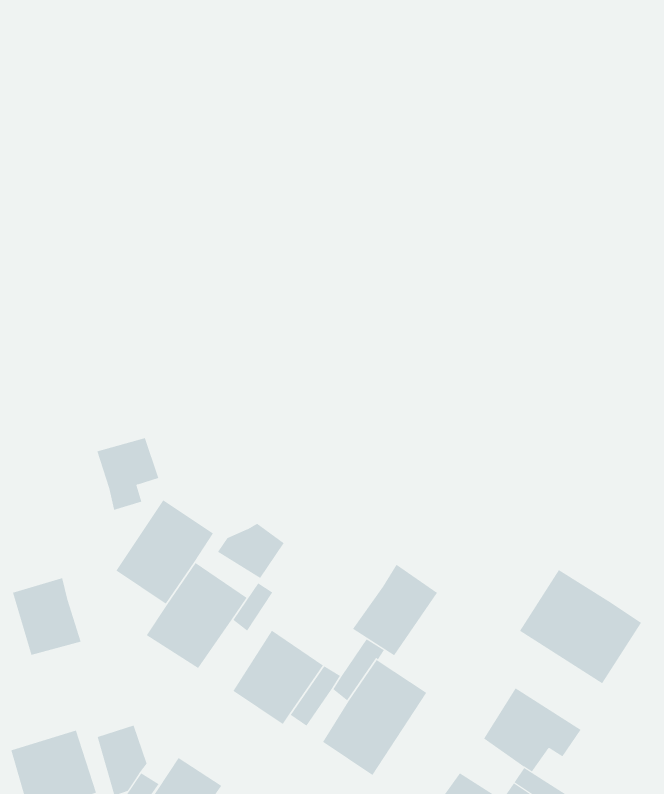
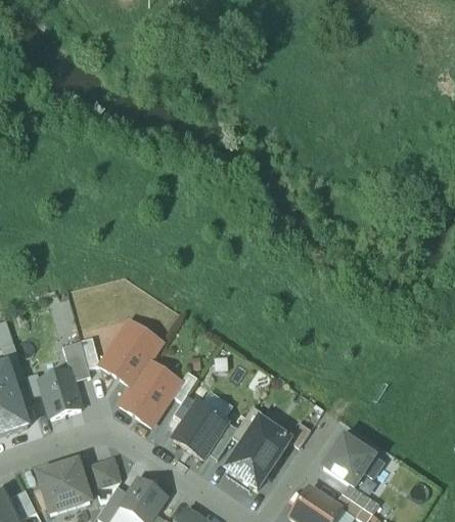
building: [97,438,159,510] -> [62,338,100,382]
building: [217,523,285,579] -> none
building: [352,564,438,656] -> none
building: [519,569,642,684] -> none

